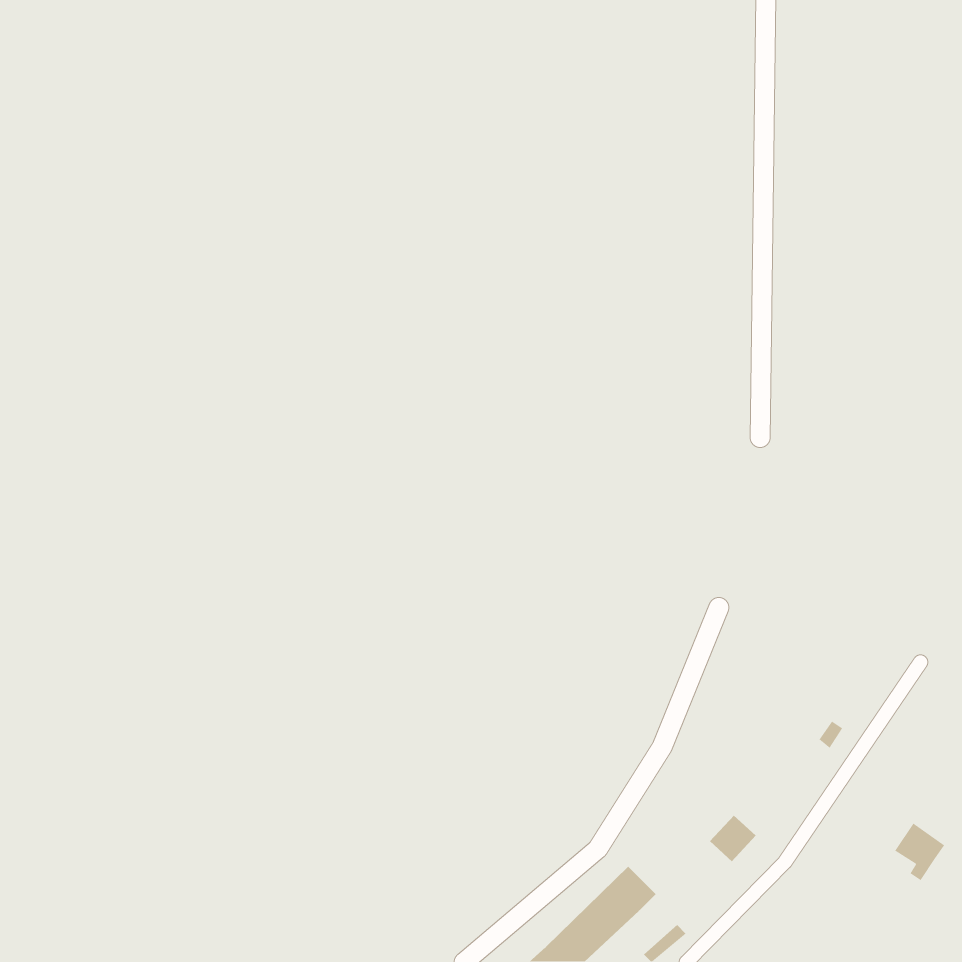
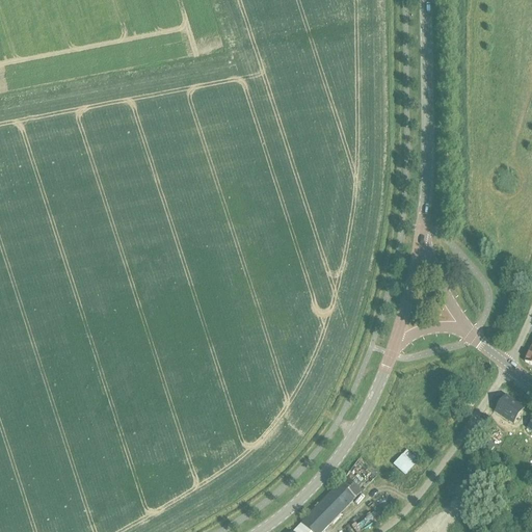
building: [894,823,945,881] -> [496,395,524,427]

